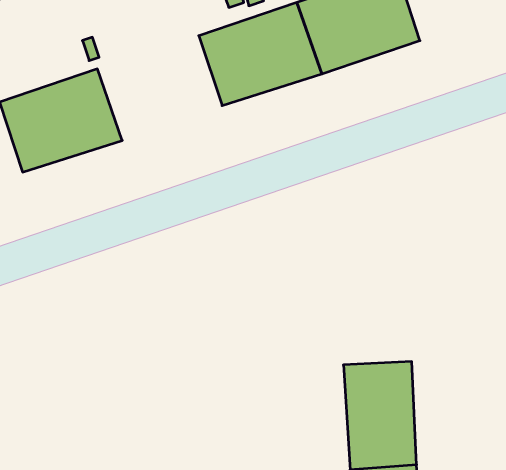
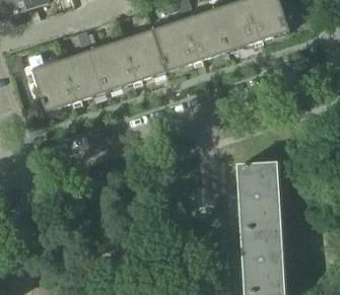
building: none -> [89,29,165,93]
building: none -> [236,162,281,230]

